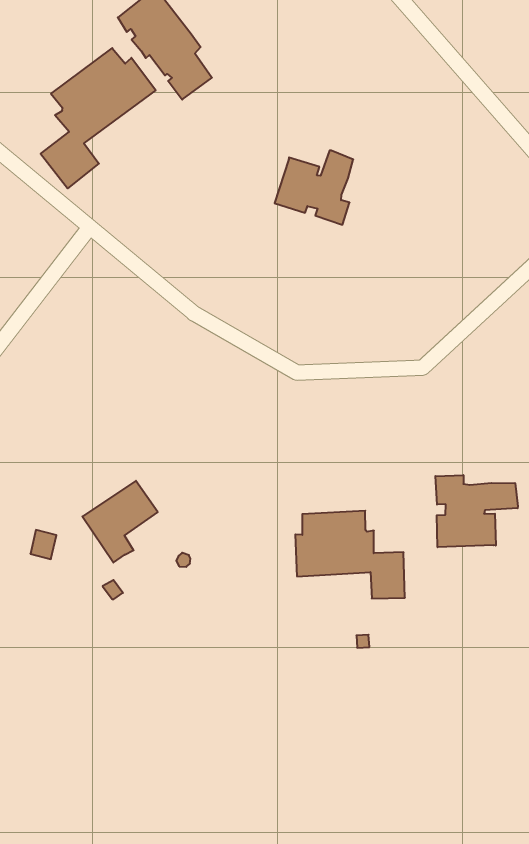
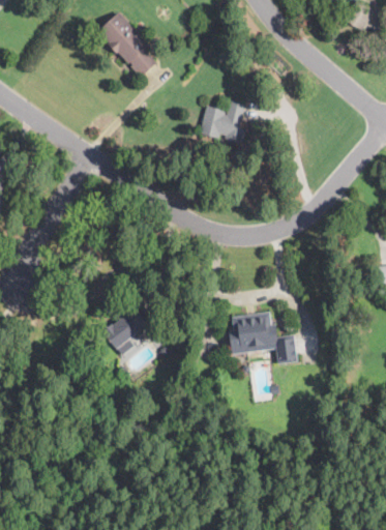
building: [41,48,156,188] -> none
building: [435,475,518,547] -> none

